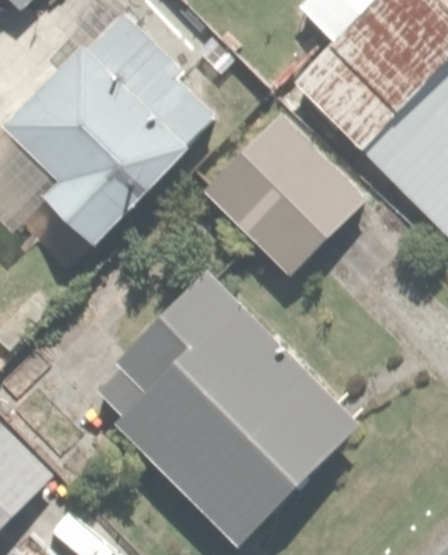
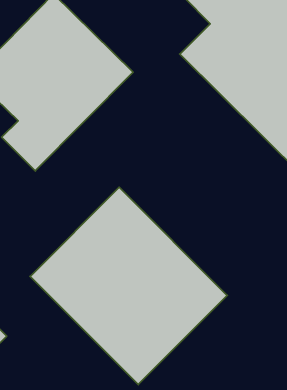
building: [204,113,371,280] -> none

